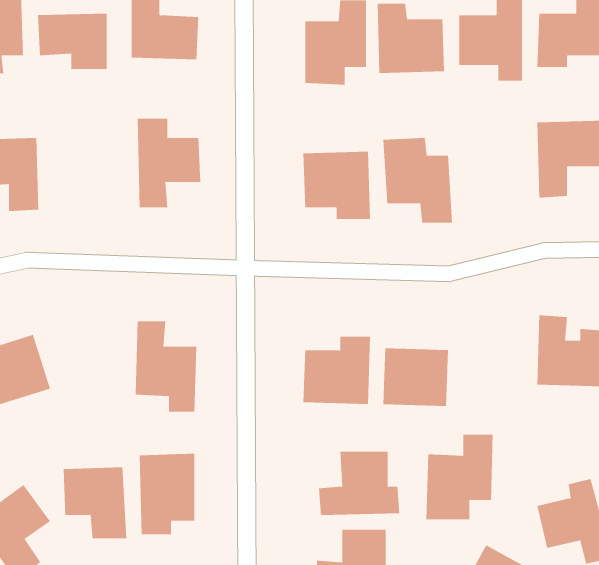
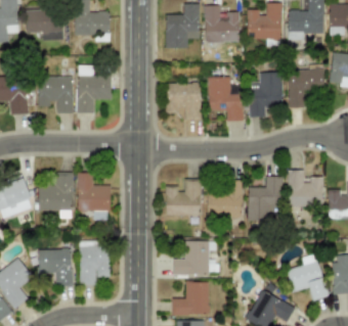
building: none -> [249,72,282,117]
building: none -> [38,76,73,113]
building: none -> [38,172,73,211]
building: [425,434,494,520] -> [247,176,282,221]

